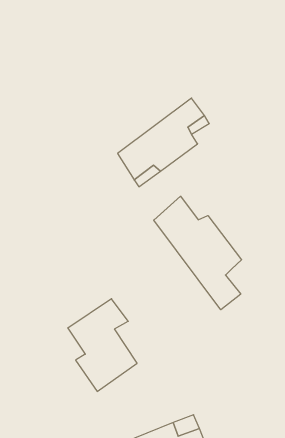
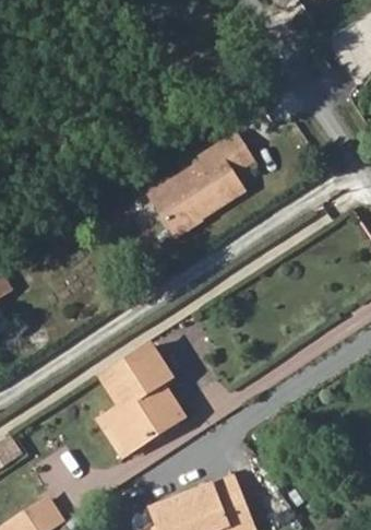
building: [154,196,242,310] -> none

